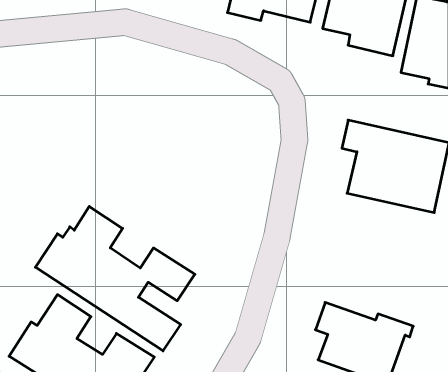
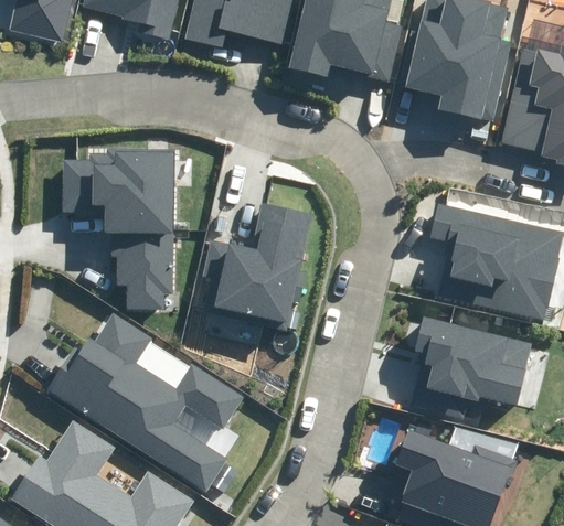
building: none -> [62,148,174,309]
building: none -> [203,204,312,330]
building: none -> [415,318,533,419]

